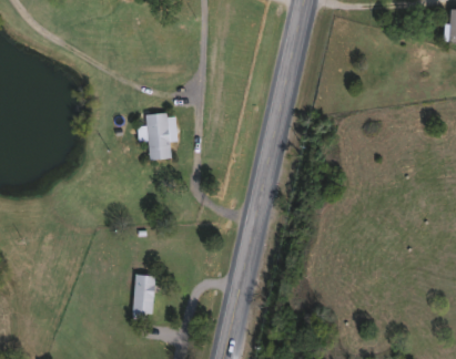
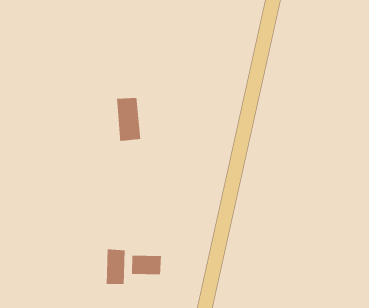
building: none -> [131,255,162,275]

